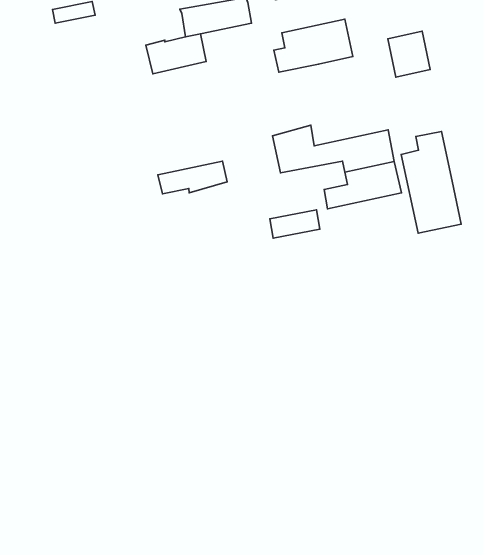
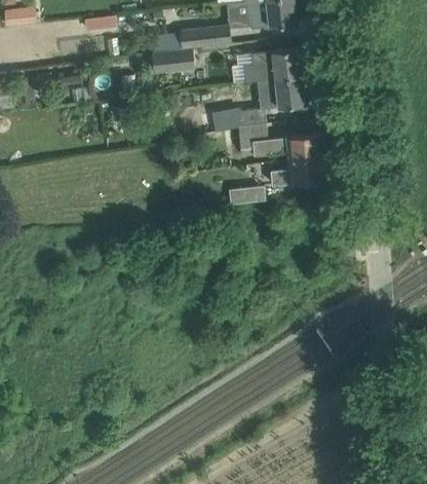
building: [388,31,430,77] -> [275,76,304,108]
building: [401,131,461,233] -> none
building: [158,161,227,194] -> [215,108,265,128]

